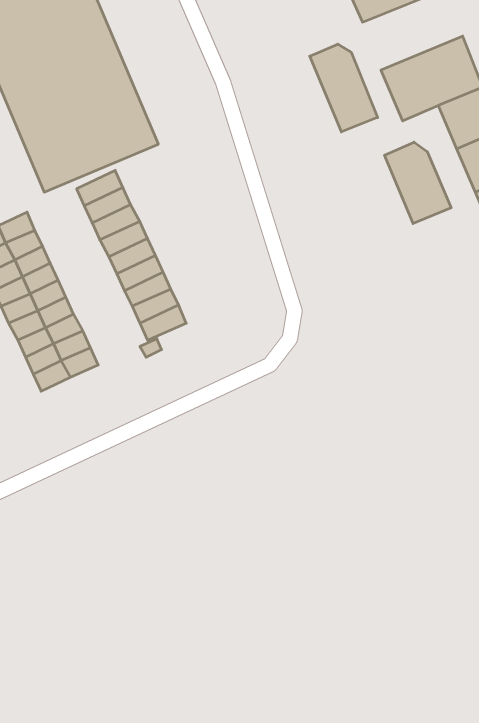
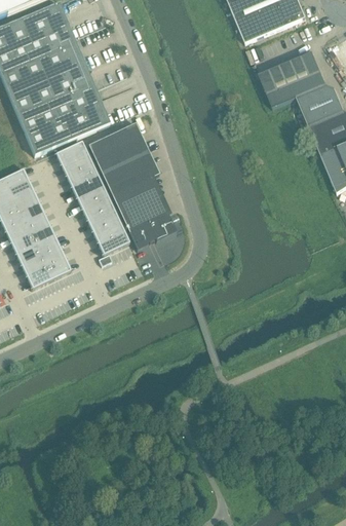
building: [310,44,378,132] -> none
building: [385,142,451,224] -> none
building: none -> [87,122,176,249]

